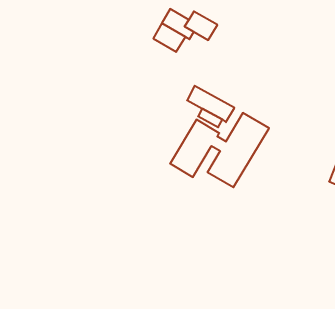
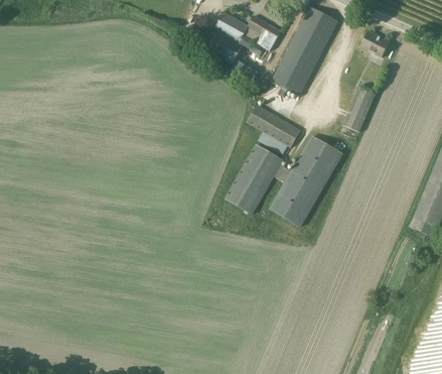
building: none -> [271,8,337,96]
building: none -> [360,30,390,56]
building: none -> [343,88,375,131]

